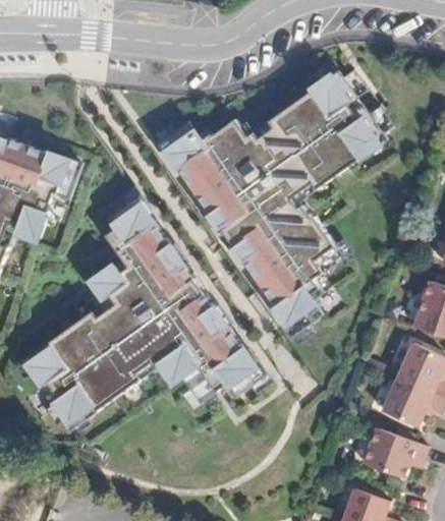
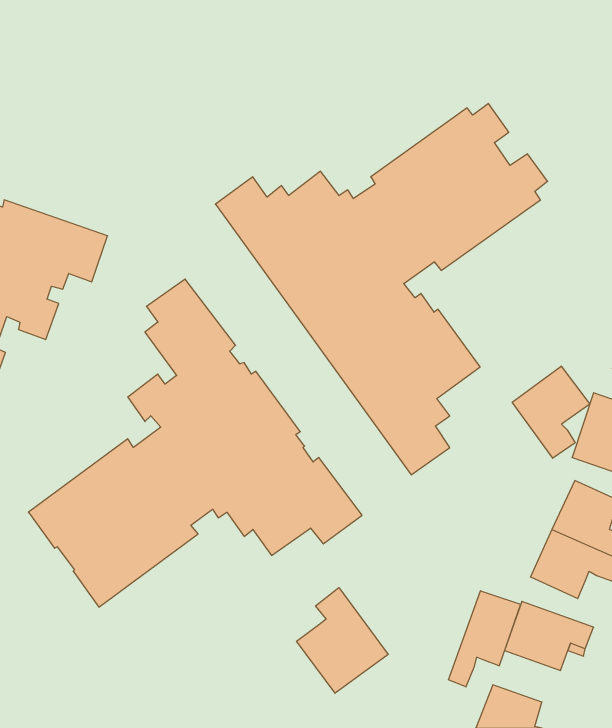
building: none -> [512,366,590,458]
building: none -> [297,588,388,693]
building: none -> [449,591,521,687]

